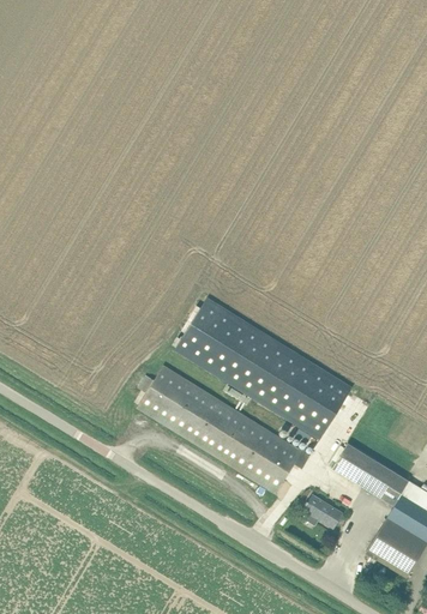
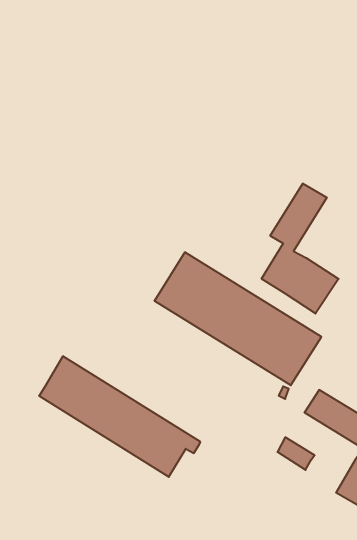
building: none -> [262,183,339,314]
building: [139,365,311,493] -> [39,356,200,477]

